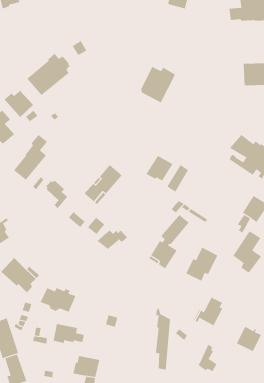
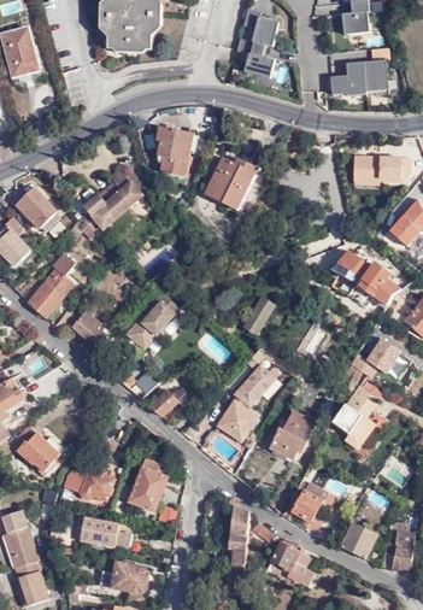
building: none -> [157,125,194,176]
building: [27,53,70,96] -> [83,170,145,230]
building: [146,155,173,181] -> none
building: none -> [130,461,171,512]
building: none -> [270,538,301,570]

